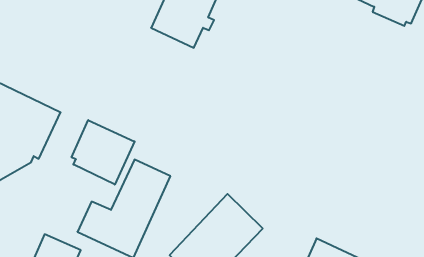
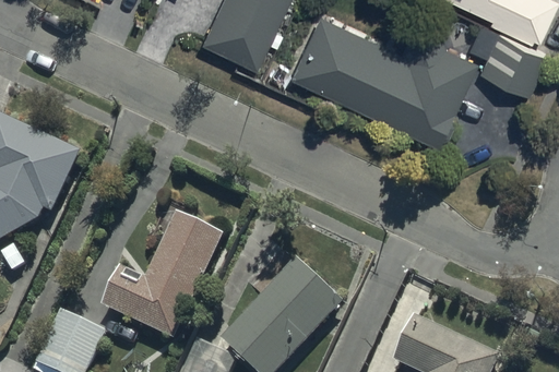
building: none -> [287,10,472,140]
building: none -> [465,20,545,92]
building: [72,120,135,185] -> none

